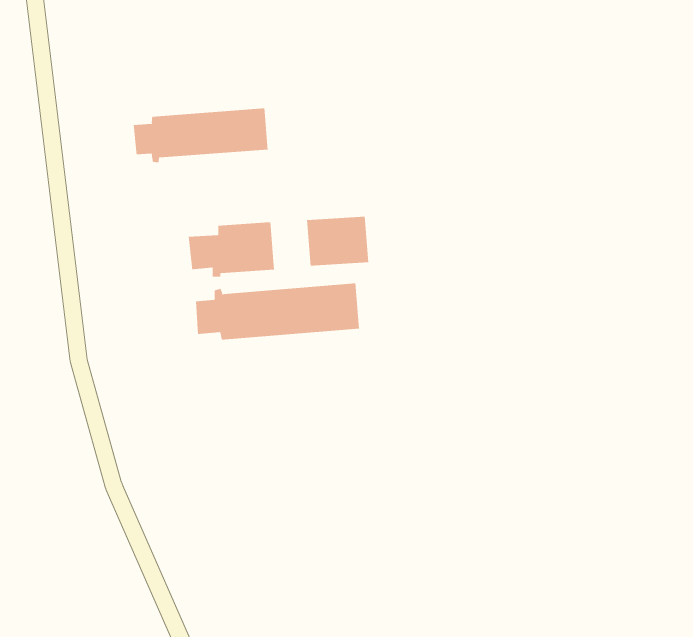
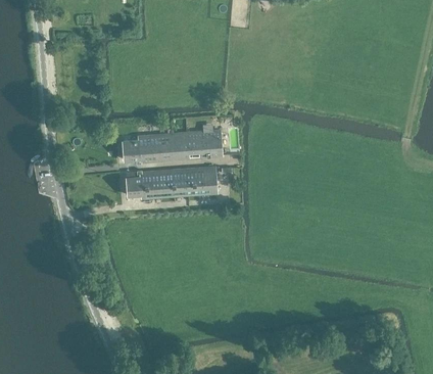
building: [133,108,268,163] -> none
building: none -> [167,131,189,158]

